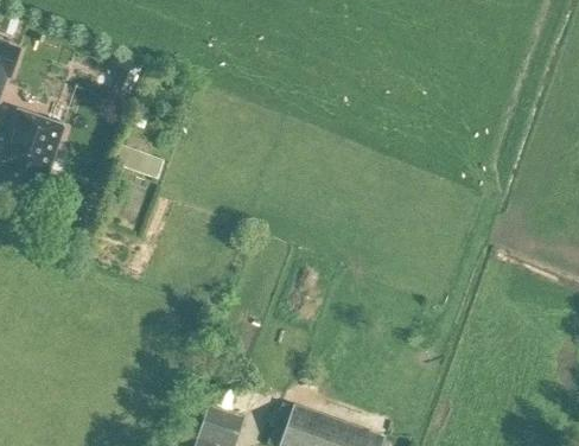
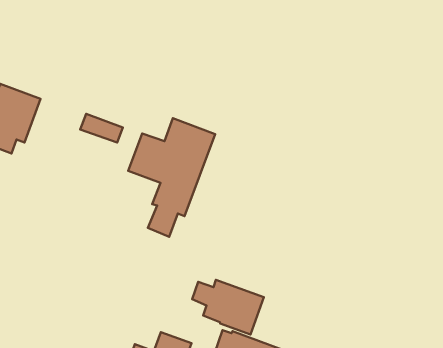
building: none -> [128,118,215,237]
building: none -> [192,280,264,335]

